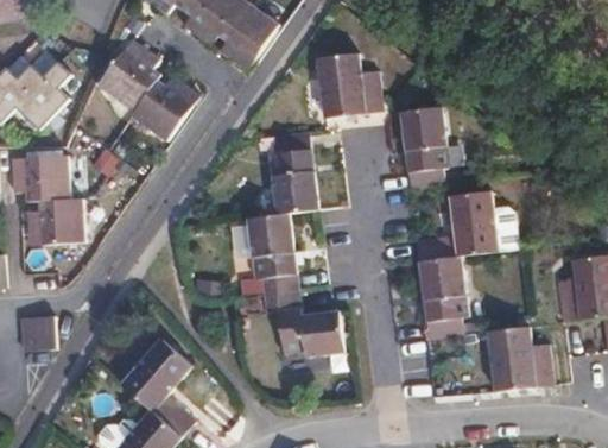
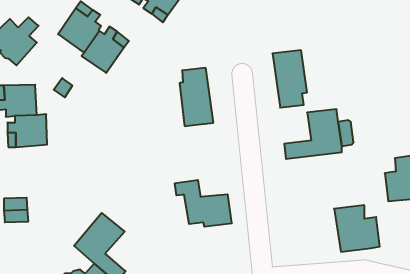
building: [316,52,381,118] -> none
building: [246,213,296,295] -> none
building: [419,255,467,337] -> none

